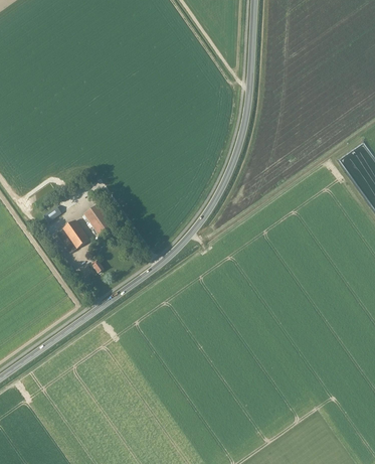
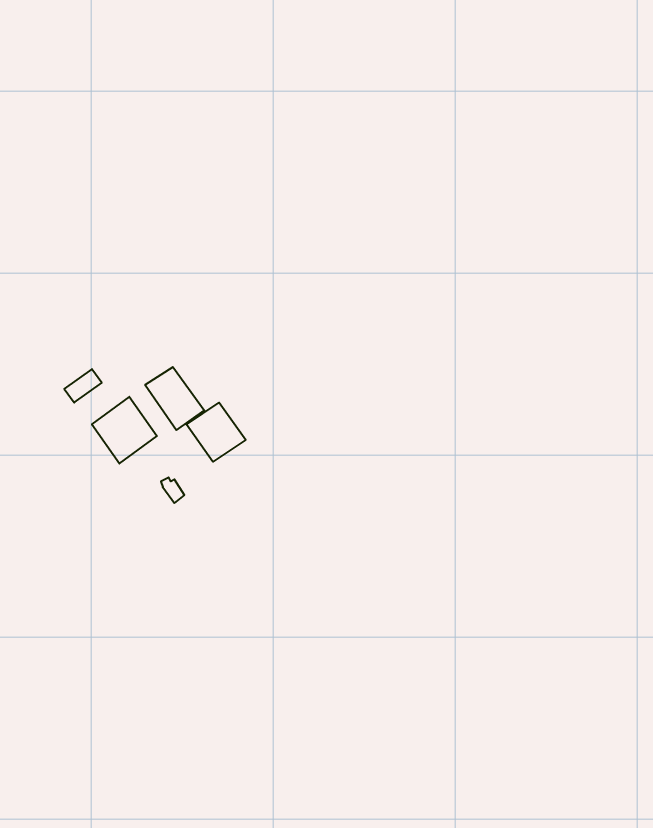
building: none -> [186,403,246,462]

